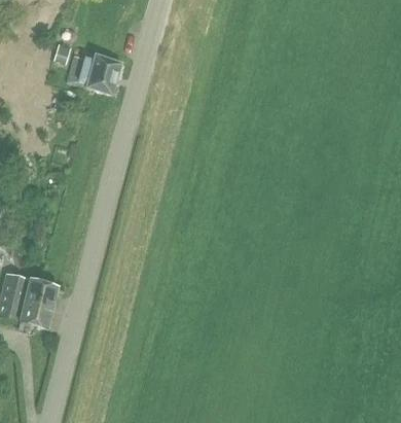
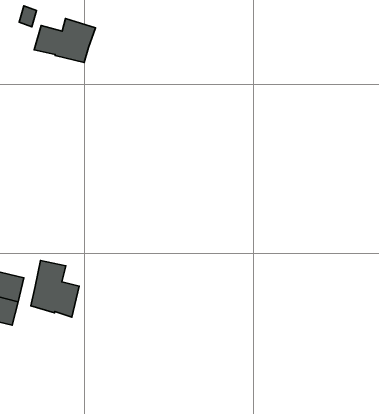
building: none -> [31,261,79,317]

